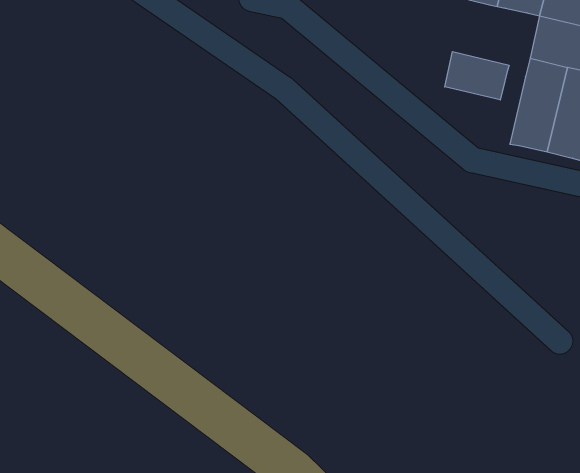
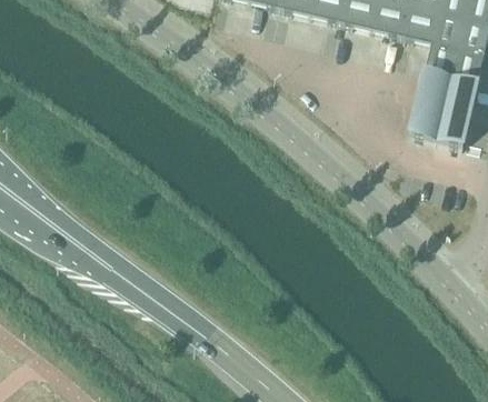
building: [445,52,509,100] -> none

